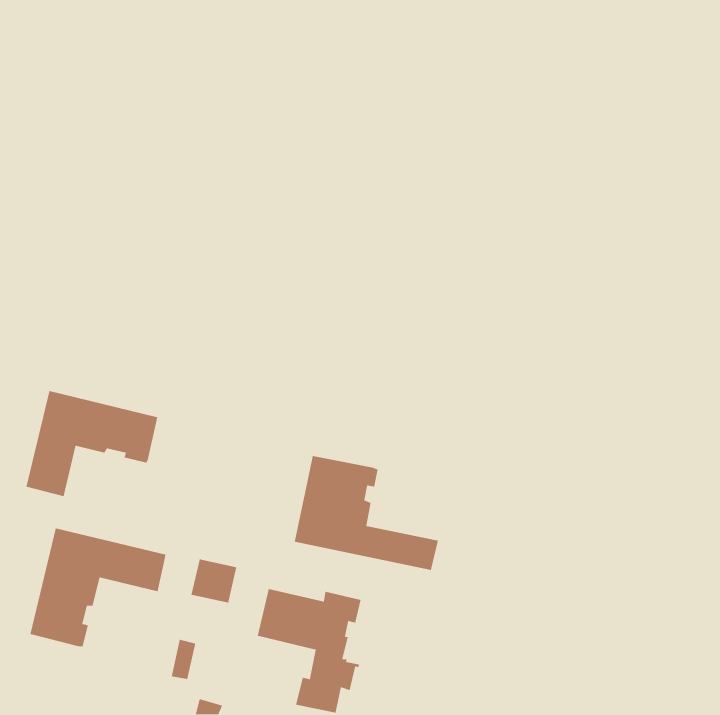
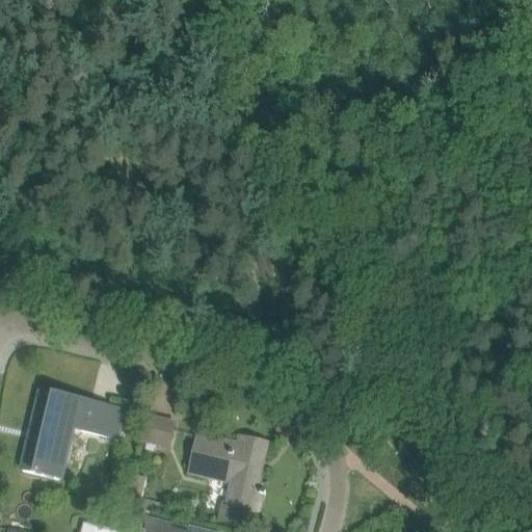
building: [25,390,158,497] -> none
building: [294,455,439,571] -> none

